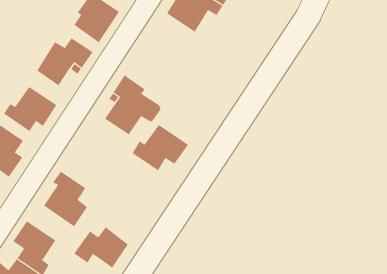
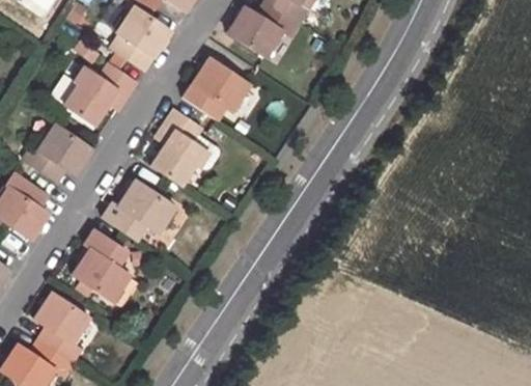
building: none -> [183,58,249,120]
building: [132,124,189,171] -> [104,182,175,241]
building: [74,227,128,268] -> none

